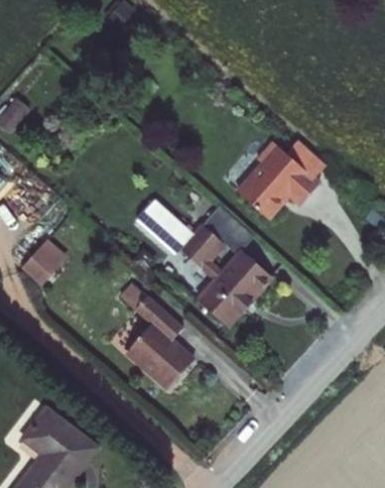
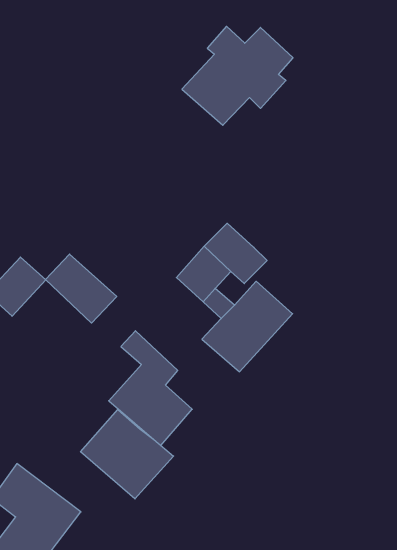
building: [234,135,327,218] -> [182,26,293,125]
building: [135,195,195,252] -> [45,254,117,323]
building: none -> [81,409,174,499]

